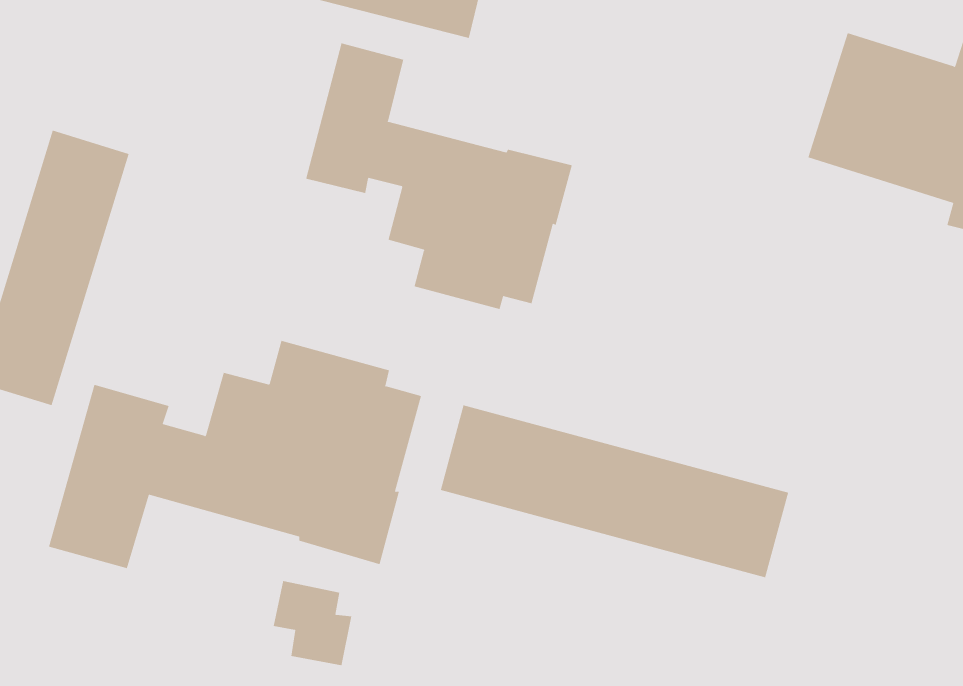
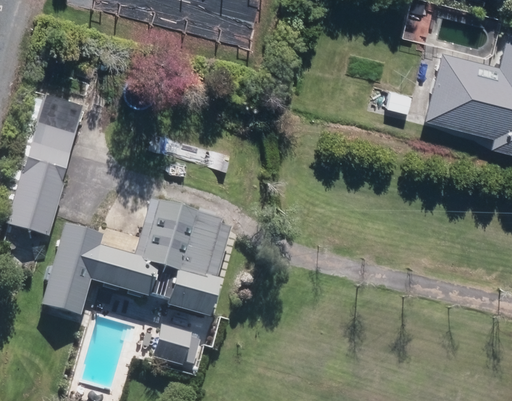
building: [305,42,572,310] -> none
building: [440,404,789,578] -> none

